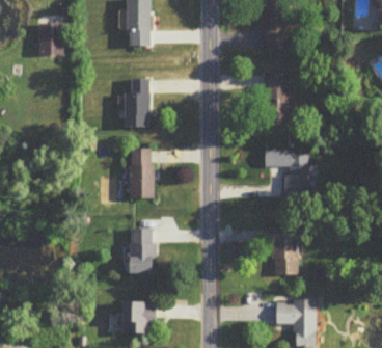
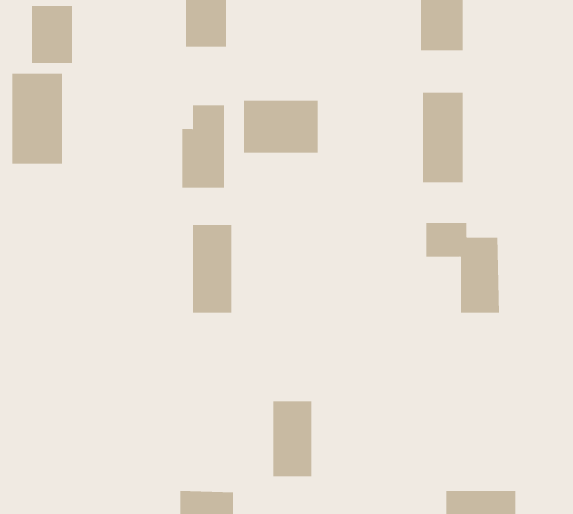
building: none -> [12,73,62,165]
building: none -> [244,100,318,153]
building: [270,225,298,274] -> none
building: [131,229,154,272] -> [272,401,312,477]

